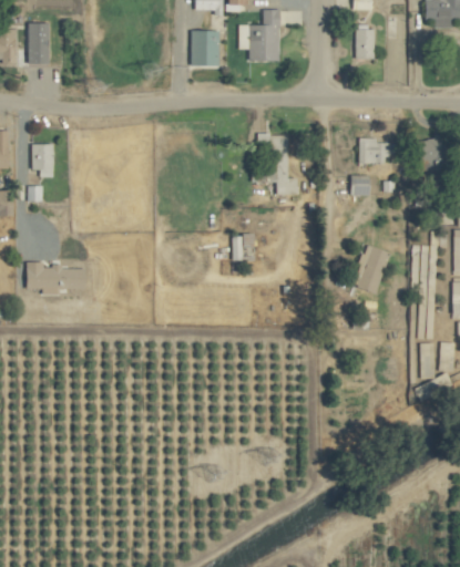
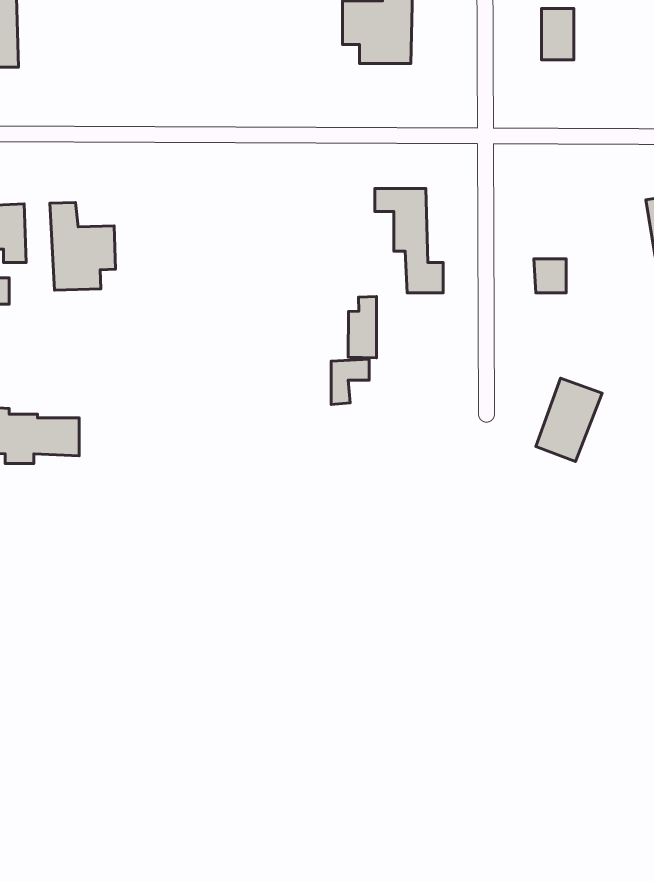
building: [191,30,221,65] -> none
building: [359,137,390,164] -> none
building: none -> [50,202,116,290]
building: none -> [348,297,377,358]

